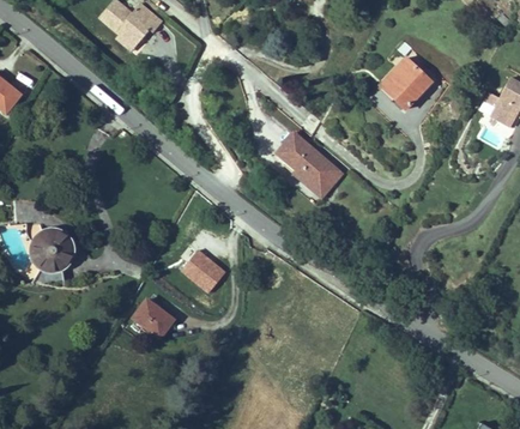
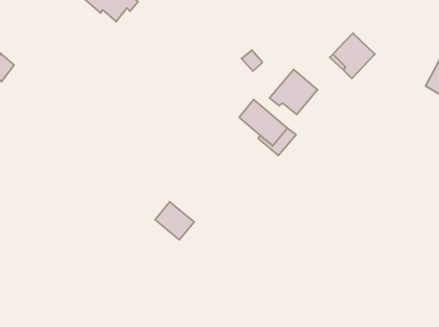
building: none -> [270,69,318,114]
building: [32,230,72,285] -> none
building: [133,298,174,337] -> none

